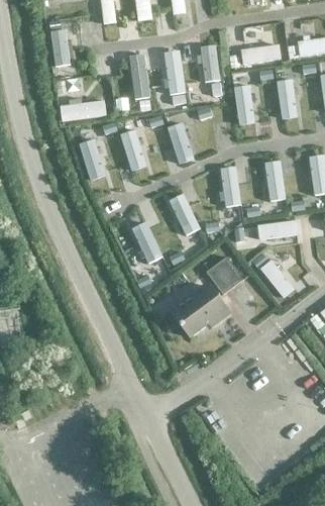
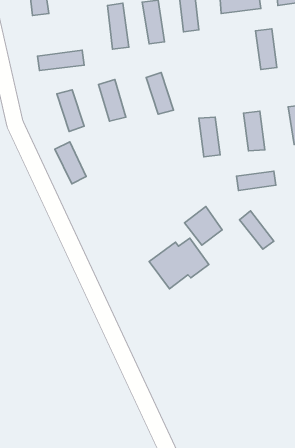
building: [233,85,254,125] -> none
building: [168,193,200,235] -> none
building: [130,221,161,263] -> [55,142,86,184]

